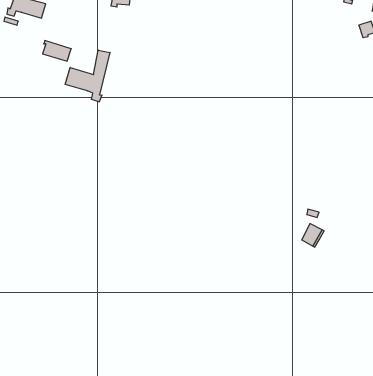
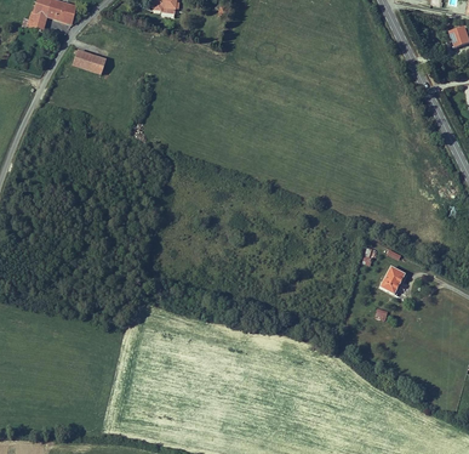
building: [65,50,110,102] -> none

